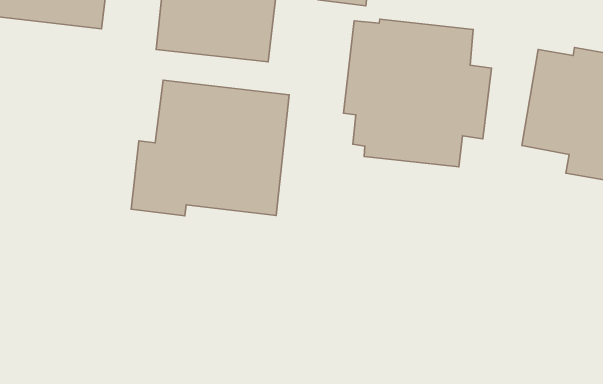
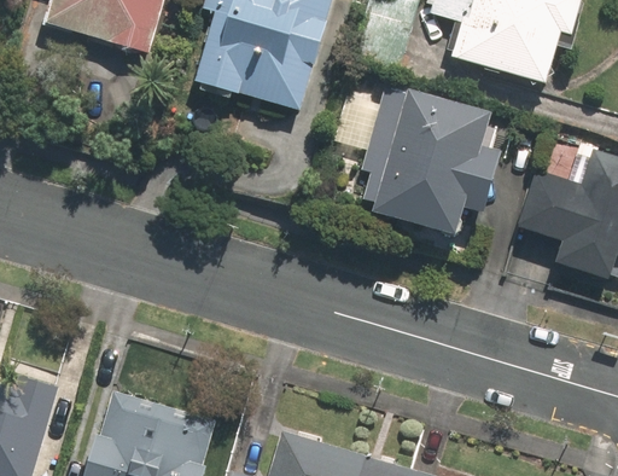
building: [131,80,289,216] -> none

